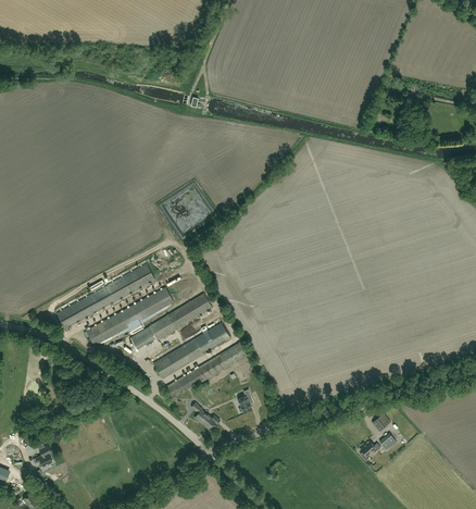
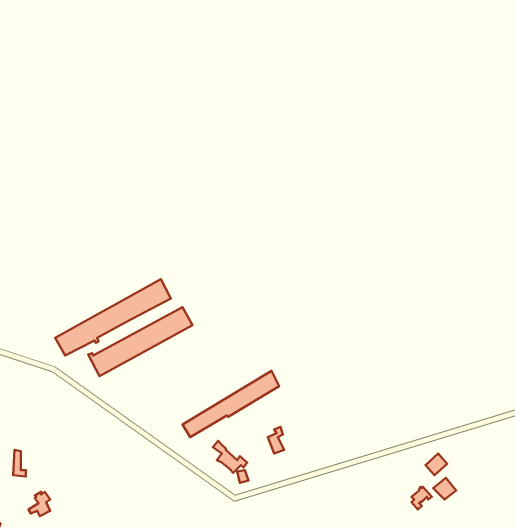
building: [129,294,211,348] -> none
building: [152,322,229,378] -> none

